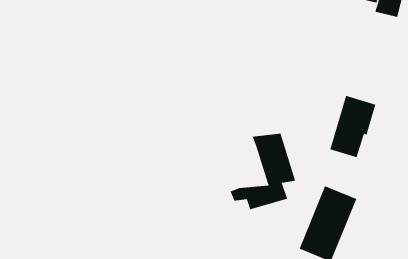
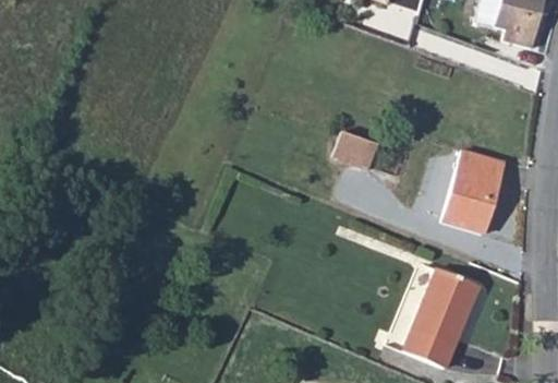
building: none -> [335,131,380,169]
building: [230,133,296,210] -> none

